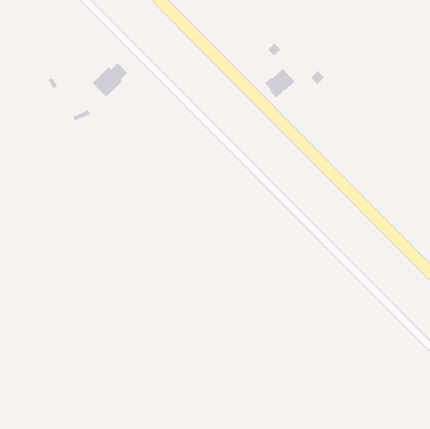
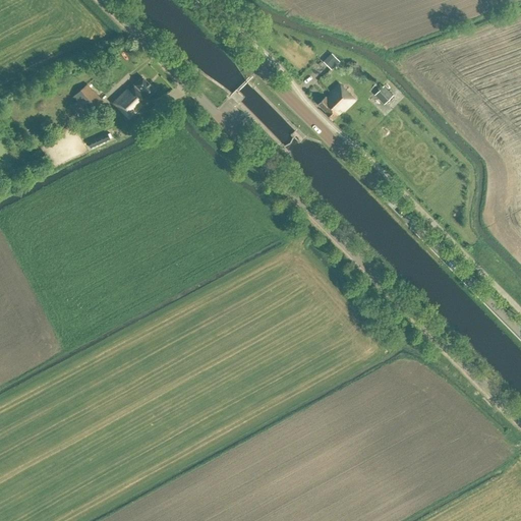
building: none -> [72,83,100,112]

